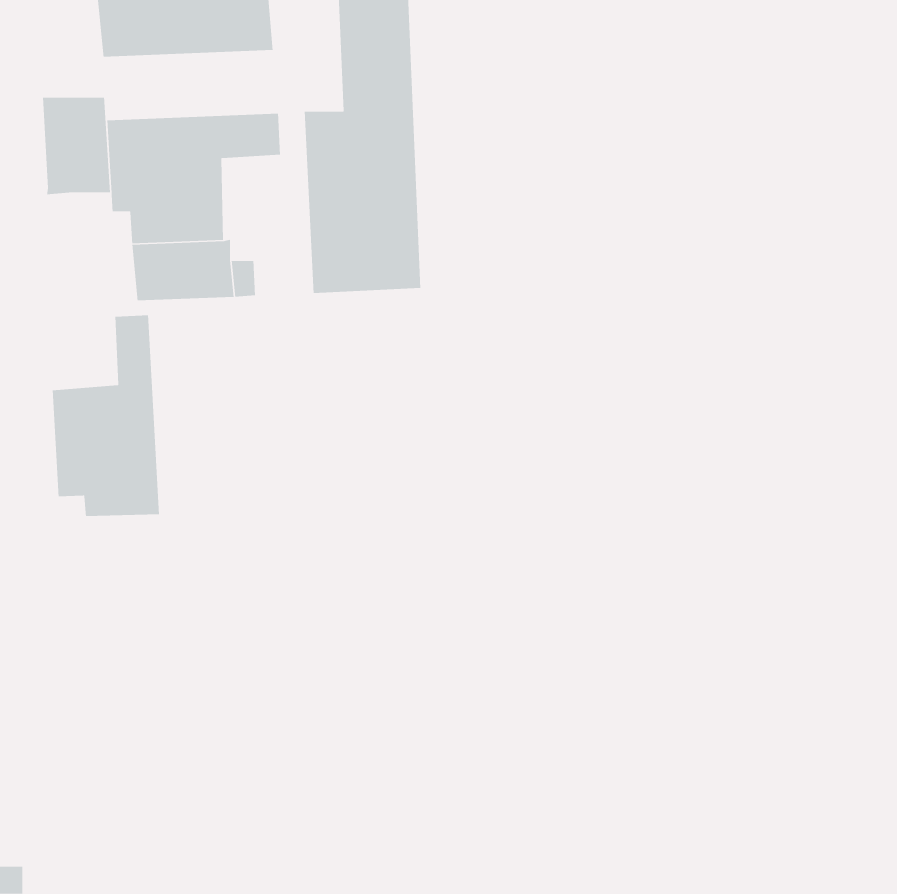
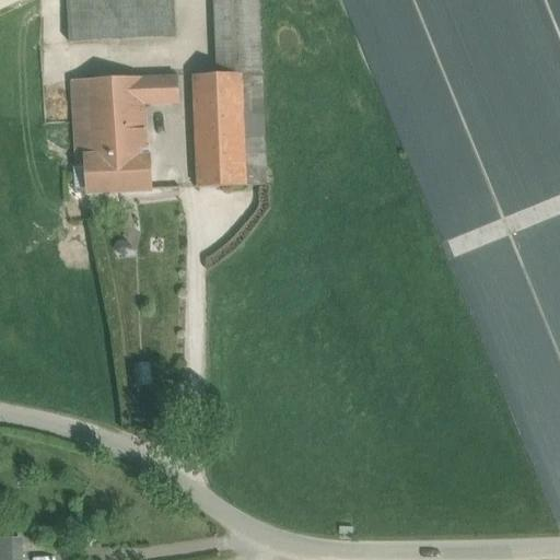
building: [42,97,111,195] -> none
building: [52,314,160,517] -> none

